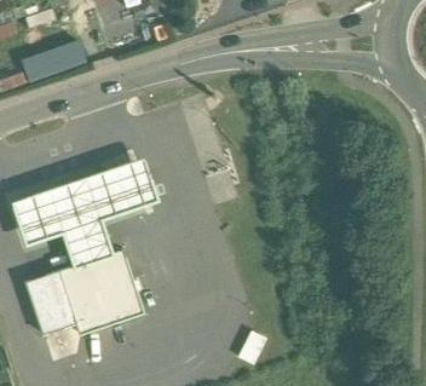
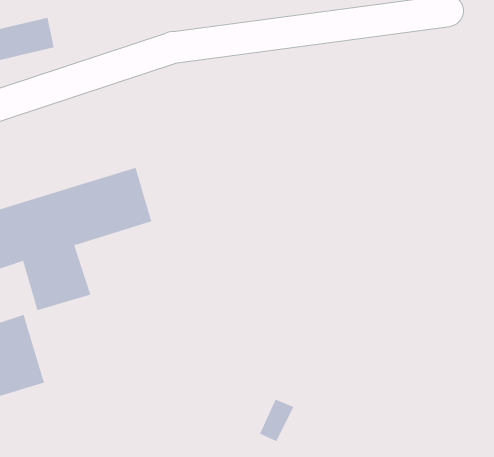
building: [62,250,142,333] -> none

